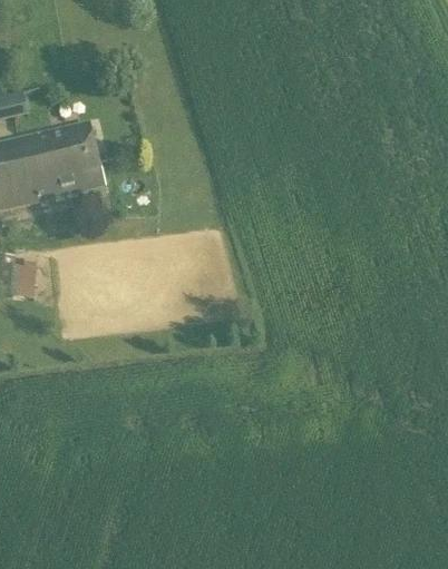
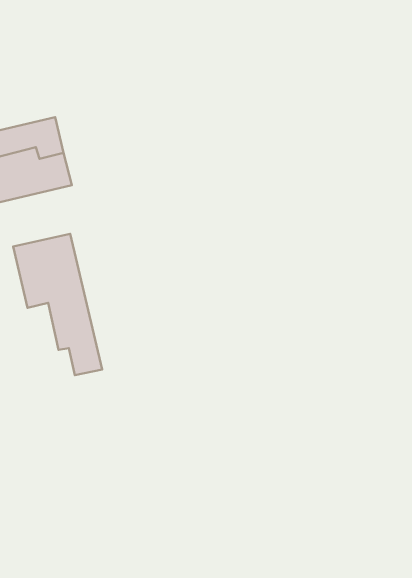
building: none -> [13,234,102,375]

